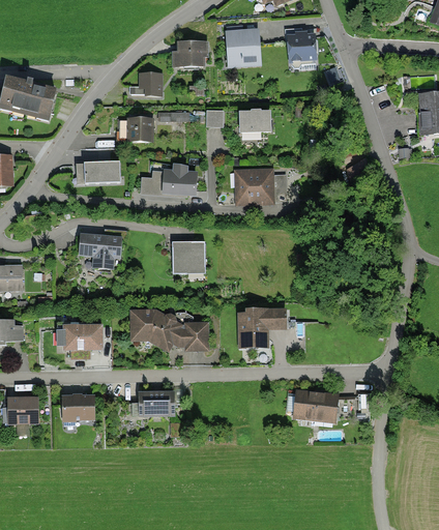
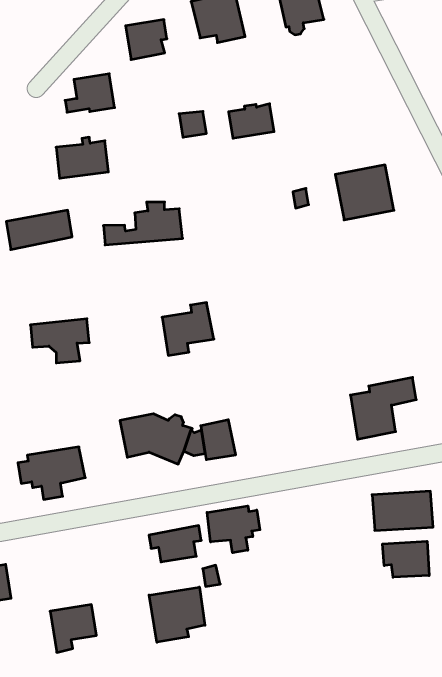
building: [236,169,272,202] -> [335,165,394,220]
building: [240,308,285,345] -> [350,377,416,439]
building: none -> [207,506,260,553]
building: [63,395,92,424] -> [50,605,96,652]
building: none -> [383,541,429,577]
building: none -> [149,587,205,642]

